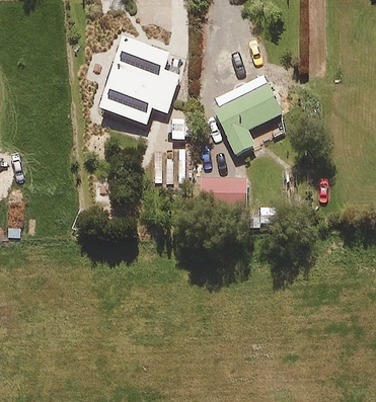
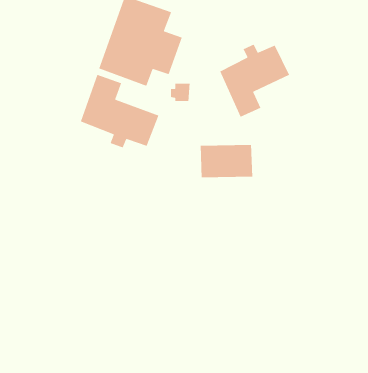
building: none -> [80,74,159,149]

